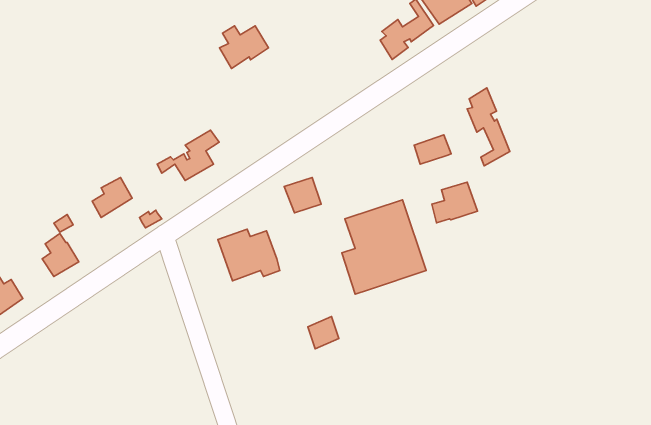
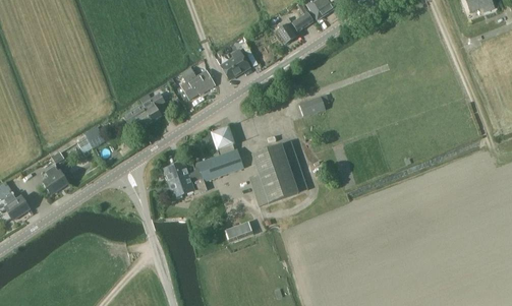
building: [220,26,268,69] -> [181,69,215,99]
building: none -> [221,49,249,79]
building: [467,88,510,166] -> none
building: [432,182,477,223] -> none
building: none -> [197,148,244,181]

